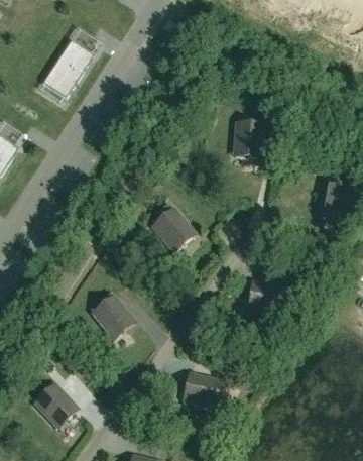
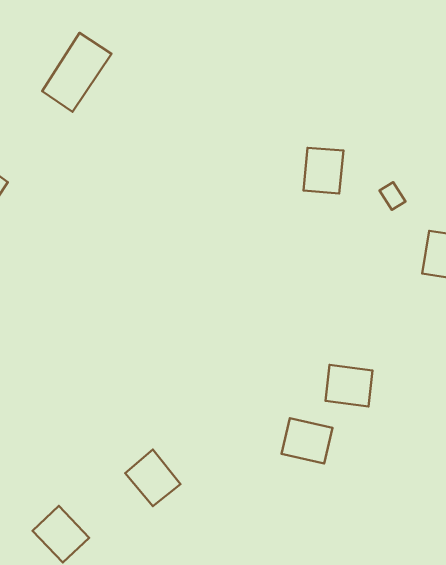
building: [152,209,194,250] -> none
building: [93,296,133,337] -> [125,449,180,506]
building: [184,373,221,407] -> [281,418,333,464]

